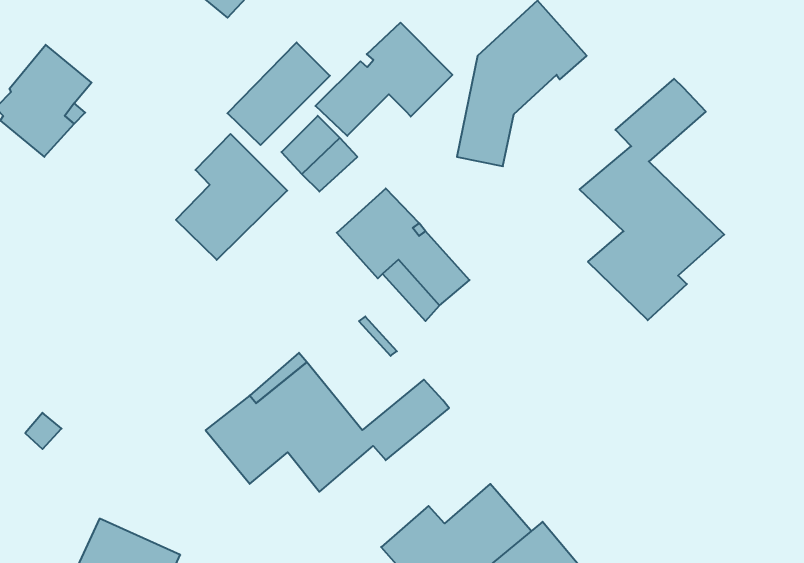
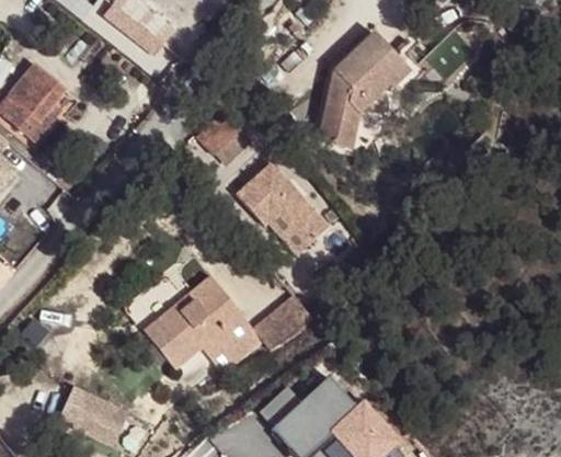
building: [315,23,452,136] -> none
building: [227,42,330,145] -> none
building: [580,79,724,320] -> none
building: [176,134,287,260] -> none

